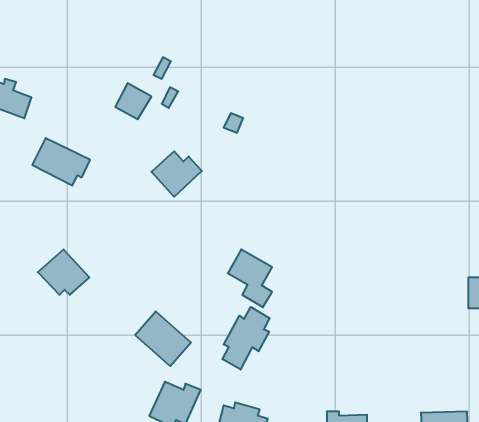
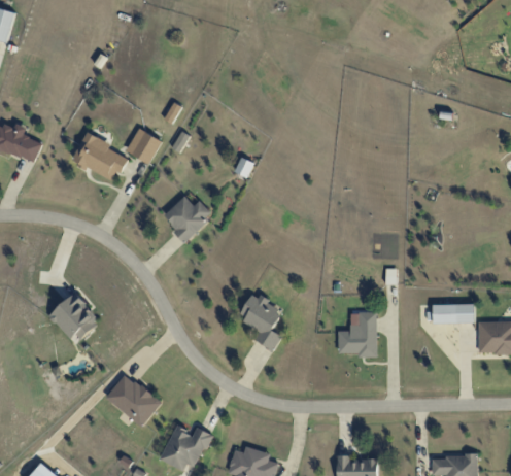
building: [32,138,90,186] -> [71,134,129,181]
building: none -> [432,304,474,324]
building: none -> [338,311,377,358]
building: [222,307,270,370] -> none
building: [135,311,191,366] -> [105,373,161,428]

